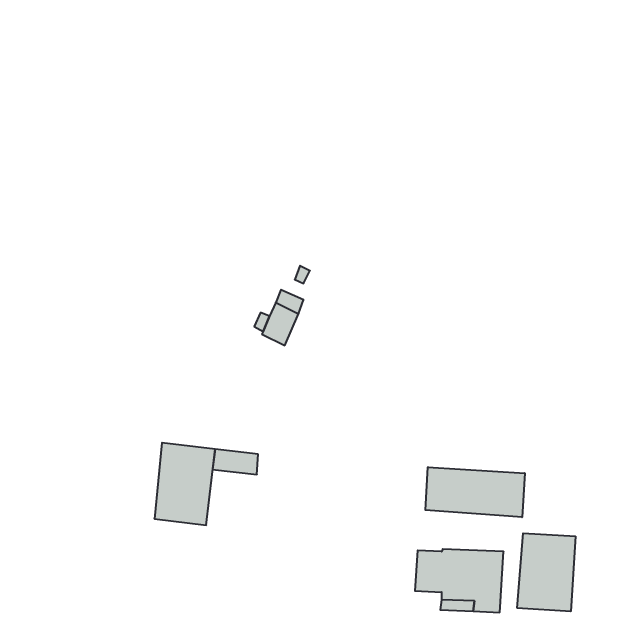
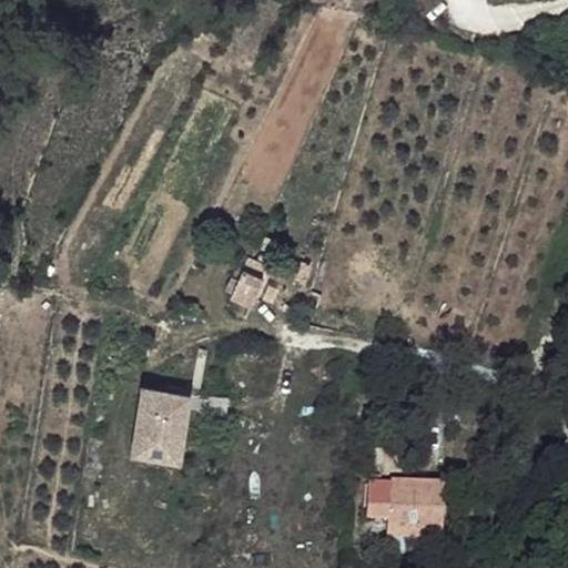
building: [425,467,525,517] -> none
building: [517,533,575,611] -> none

